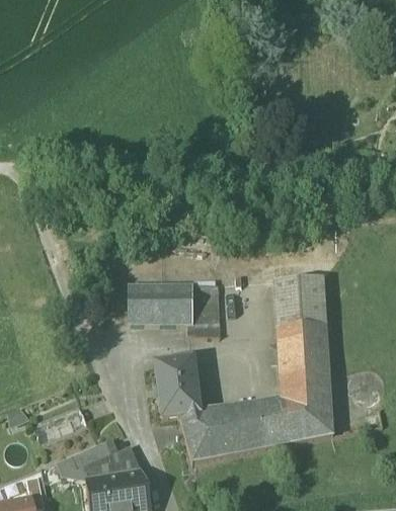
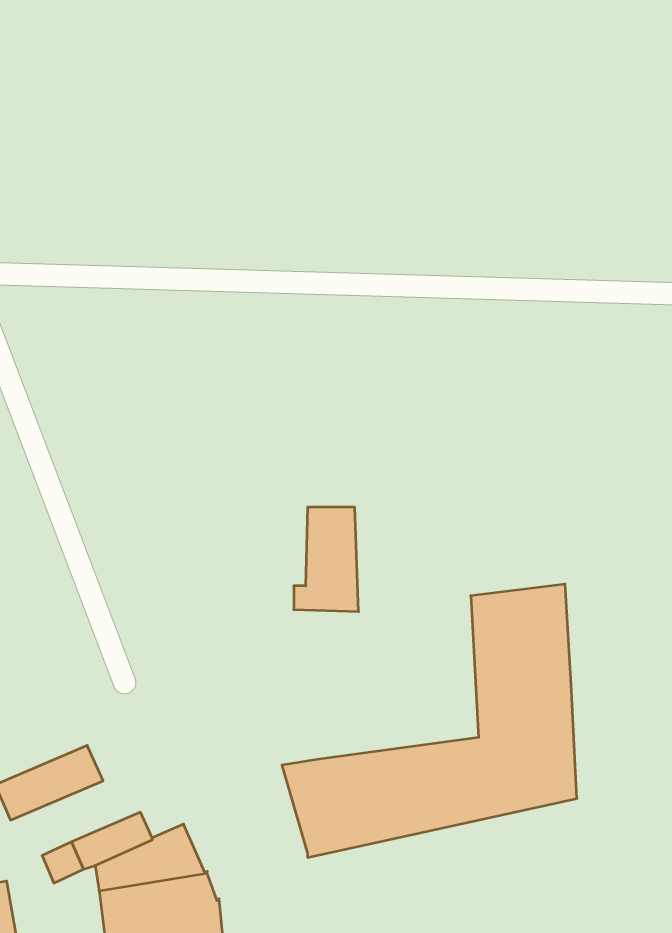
building: [274,272,326,327] -> none
building: [128,281,193,322] -> none
building: [157,357,200,416] -> none

